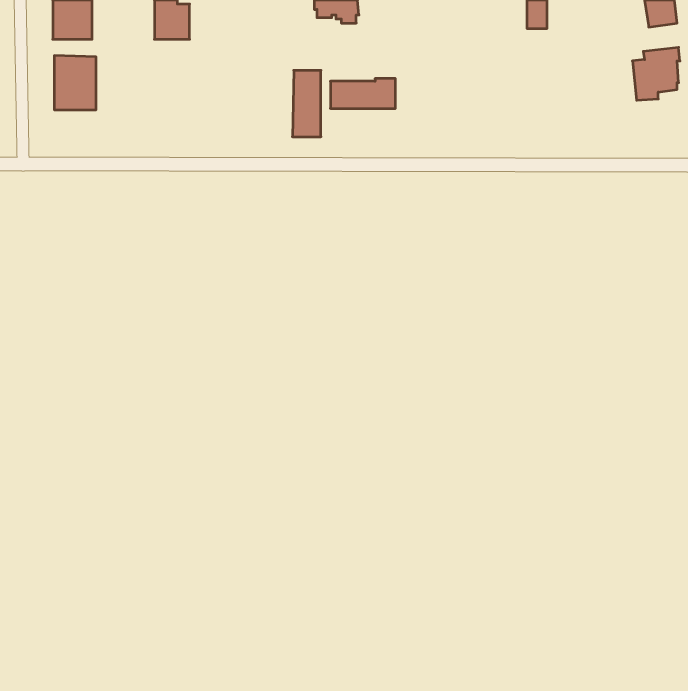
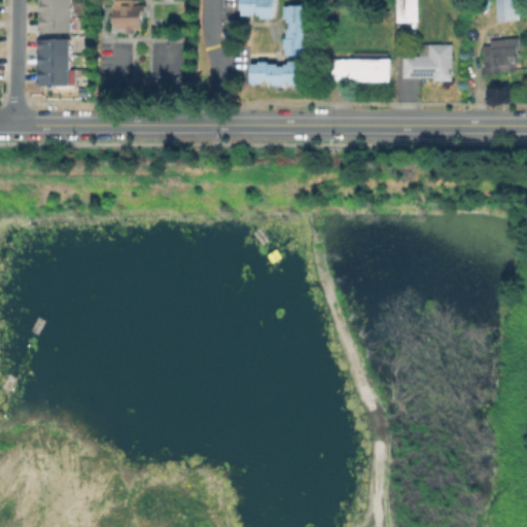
building: none -> [401,44,451,81]
building: none -> [336,52,389,82]
building: [292,70,321,137] -> [283,5,305,56]

